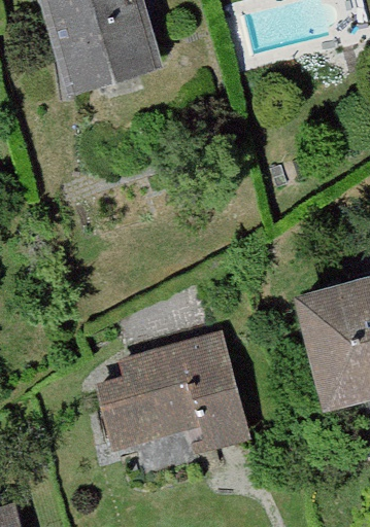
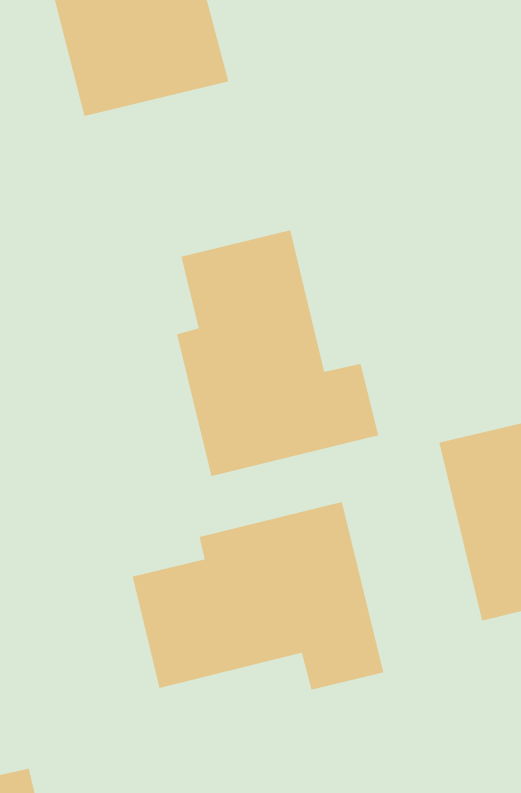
building: none -> [177,230,379,477]

